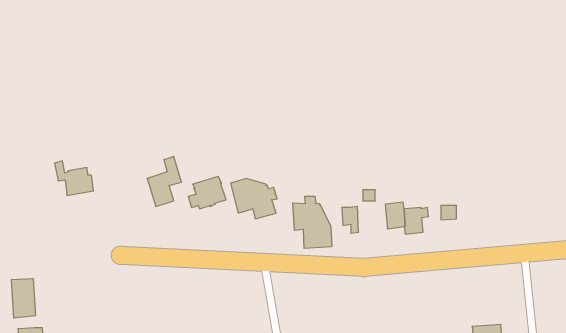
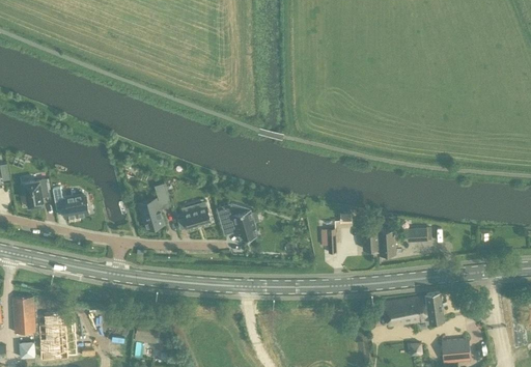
building: none -> [20,178,48,206]
building: [293,196,332,248] -> none
building: none -> [385,291,443,324]

